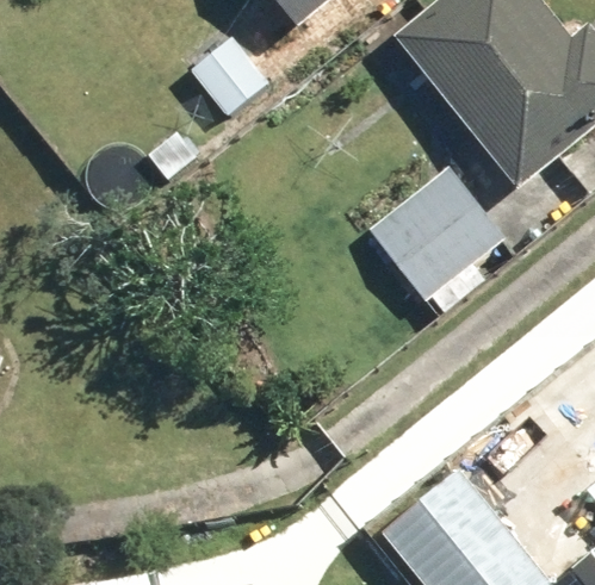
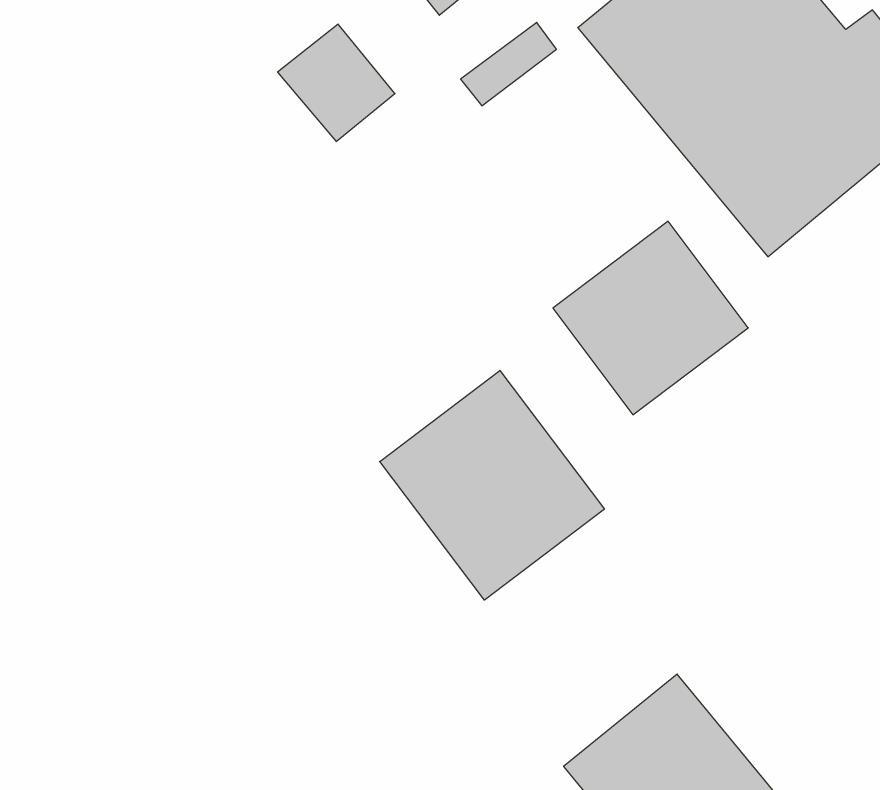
building: none -> [380,370,604,600]

